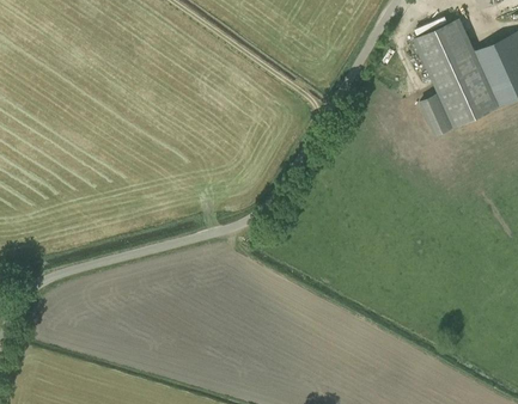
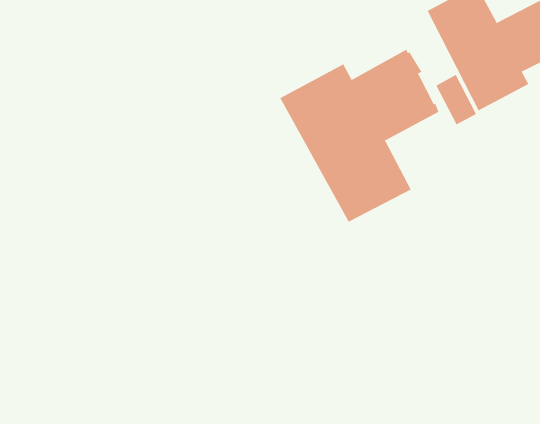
building: none -> [279,49,439,222]

